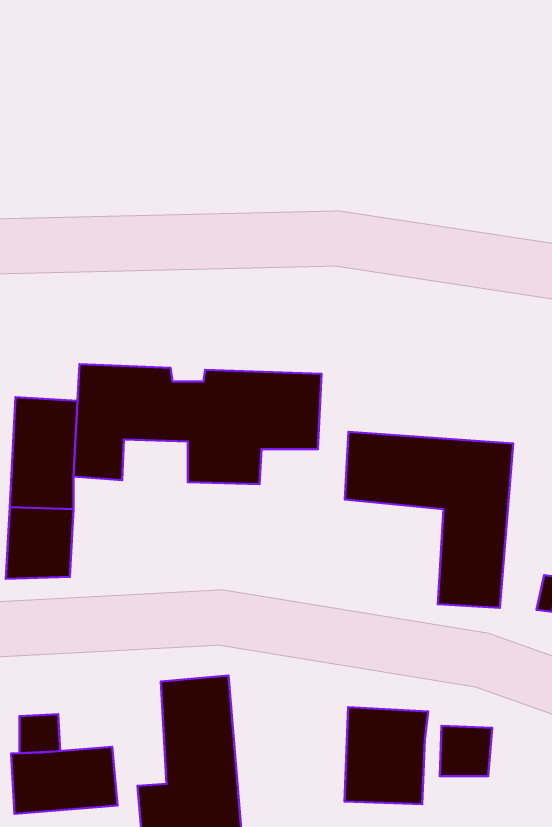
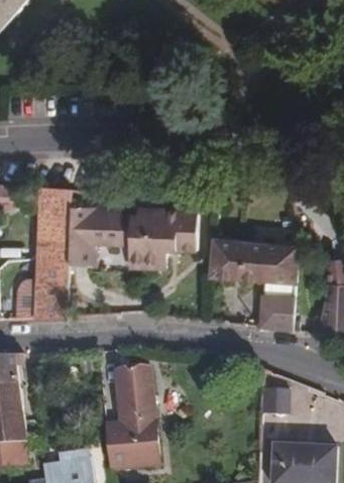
building: none -> [38,187,72,224]
building: [344,707,428,804] -> none
building: [11,747,118,814] -> none

